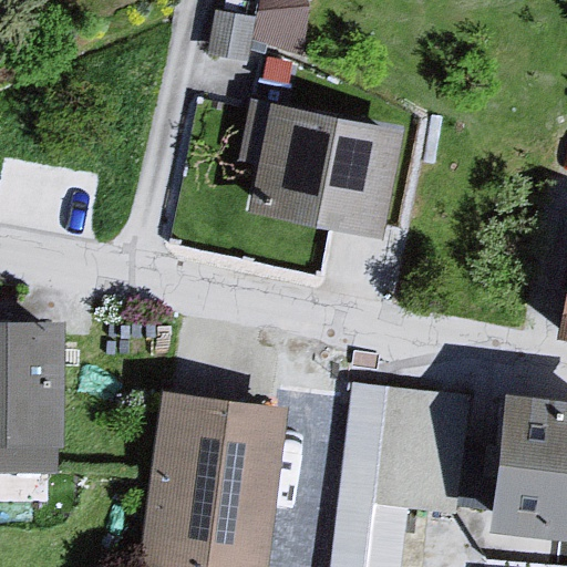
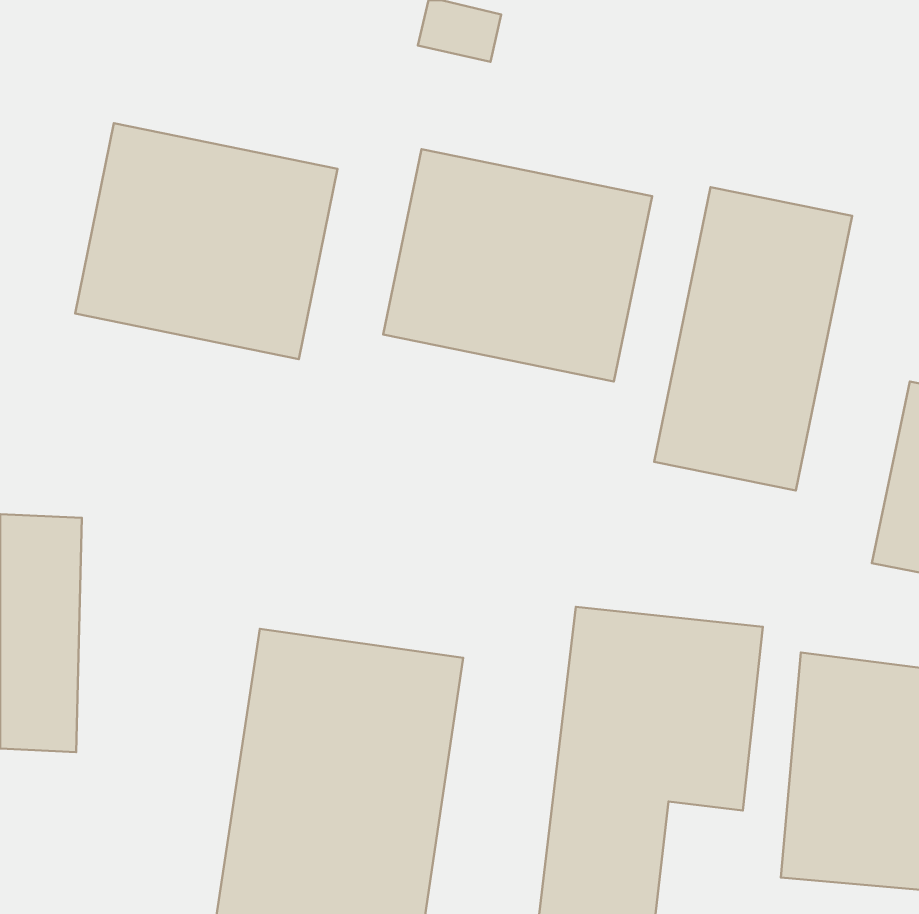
building: none -> [75,123,338,359]
building: none -> [654,187,852,491]

